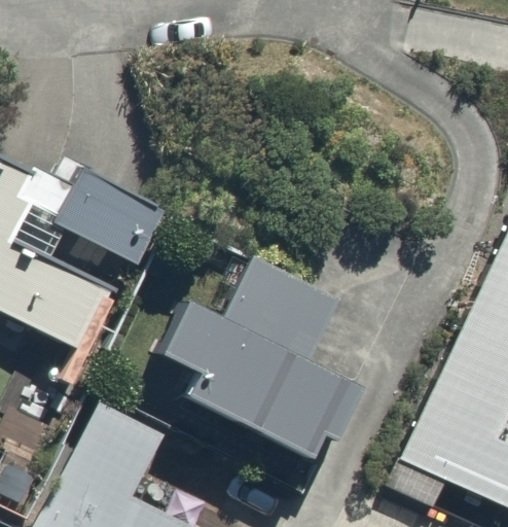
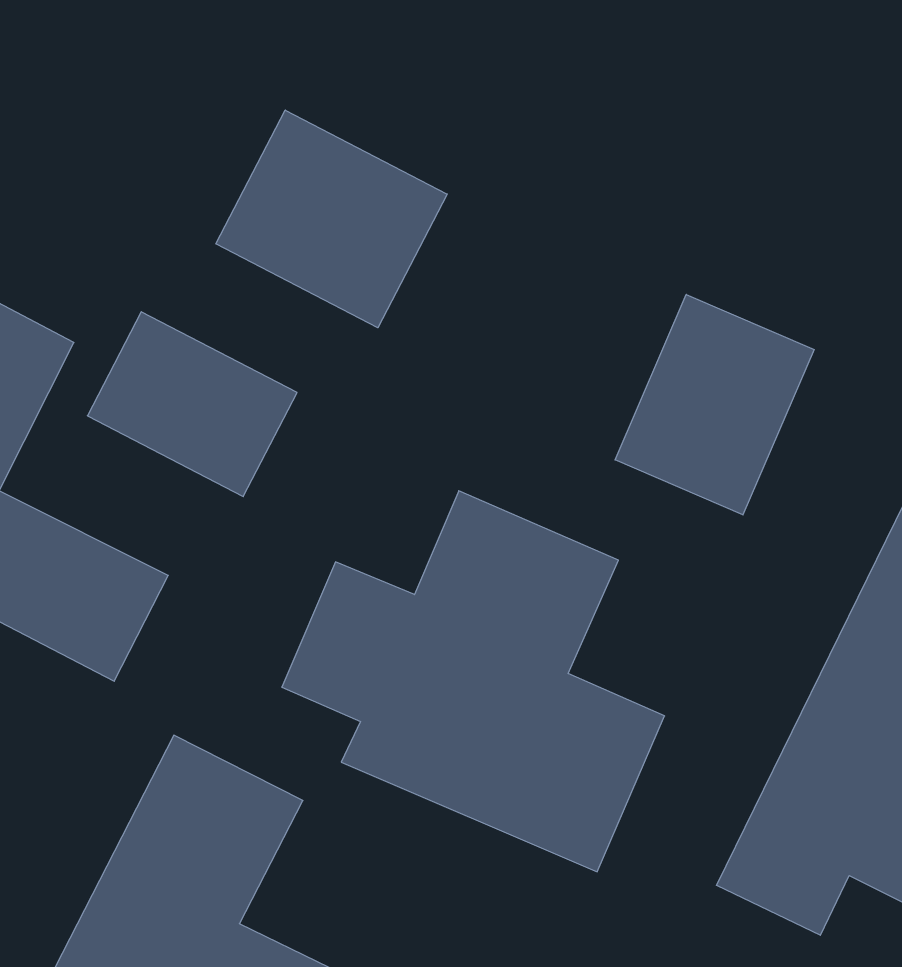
building: none -> [216,110,447,328]
building: none -> [615,294,814,515]

